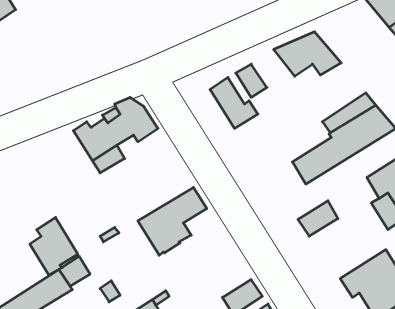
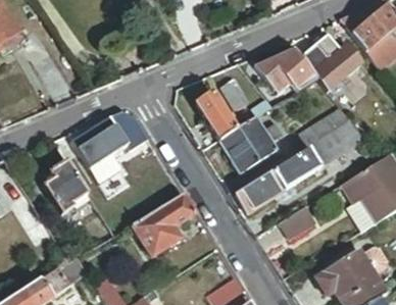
building: none -> [299,34,360,90]
building: none -> [219,116,282,171]
building: none -> [235,169,285,212]
building: [30,217,78,275] -> [44,161,88,214]

